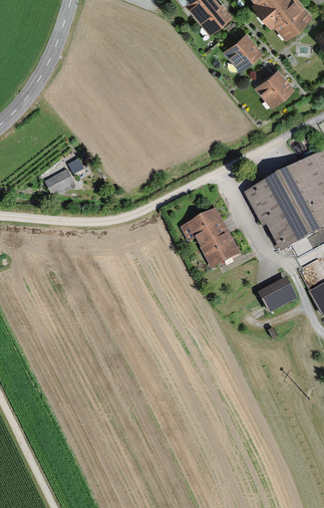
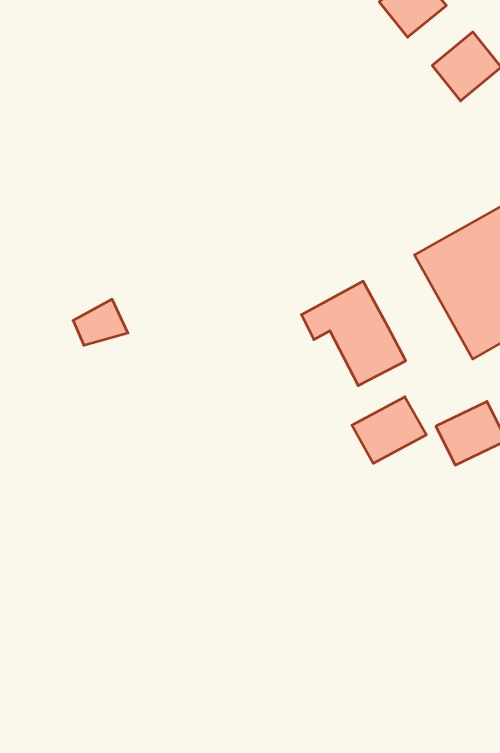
building: [45,169,76,195] -> [73,299,128,345]
building: none -> [352,397,426,463]

